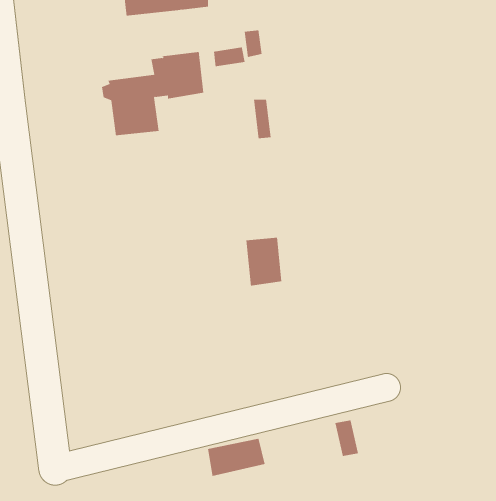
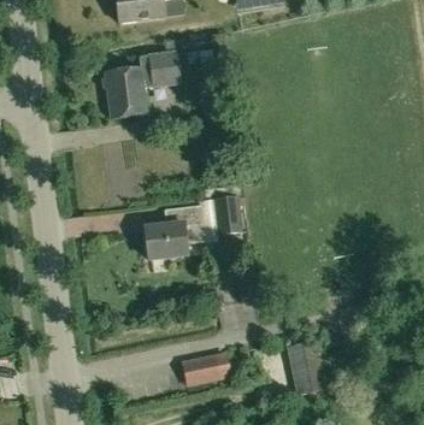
building: none -> [145,205,204,258]
building: none -> [292,365,326,396]

